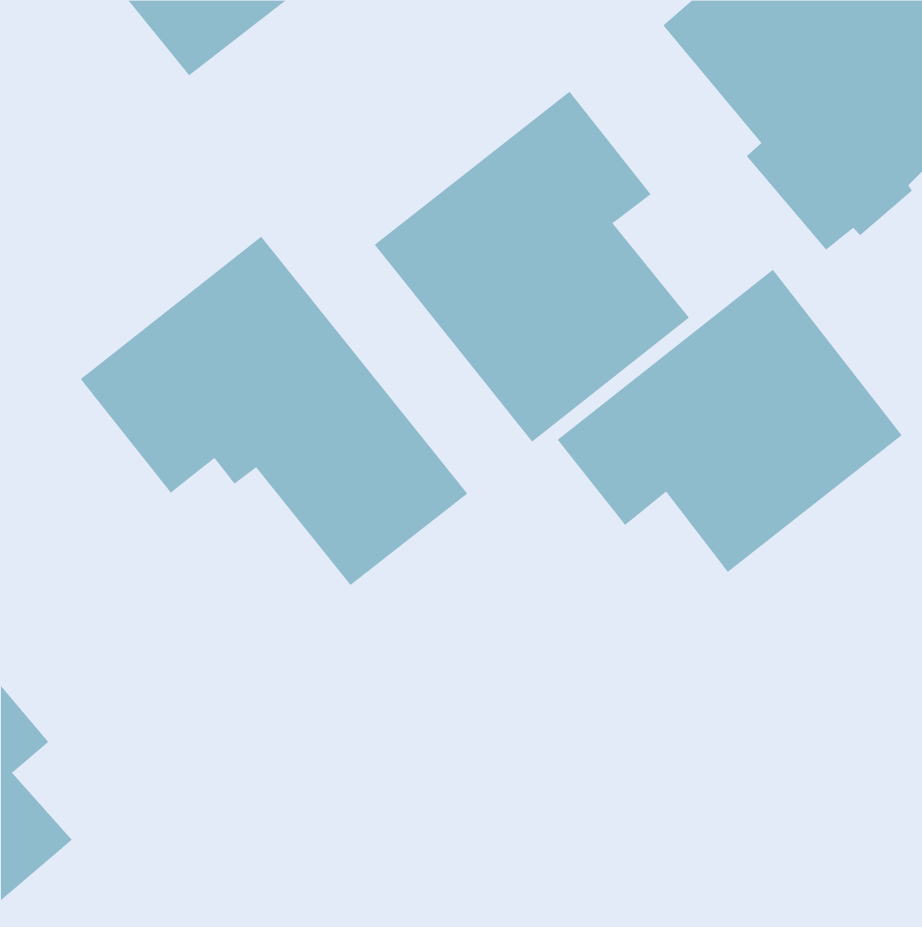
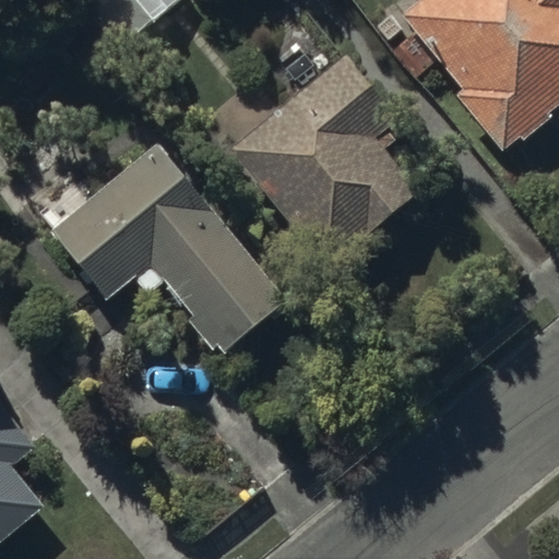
building: [557,269,903,573] -> none

